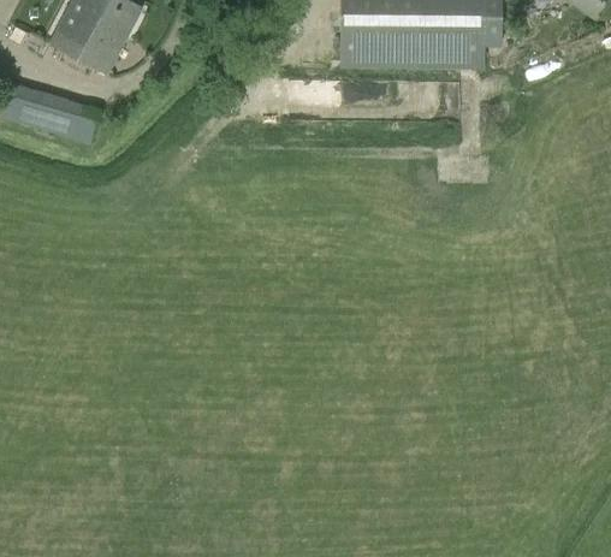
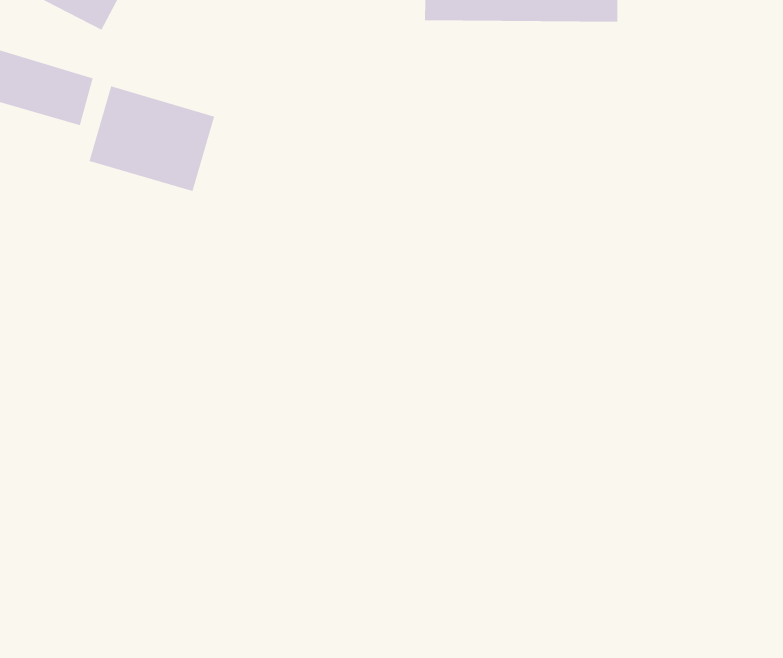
building: none -> [89,86,215,192]

